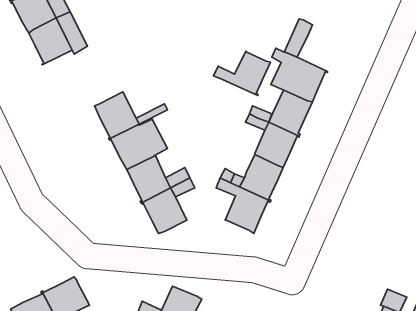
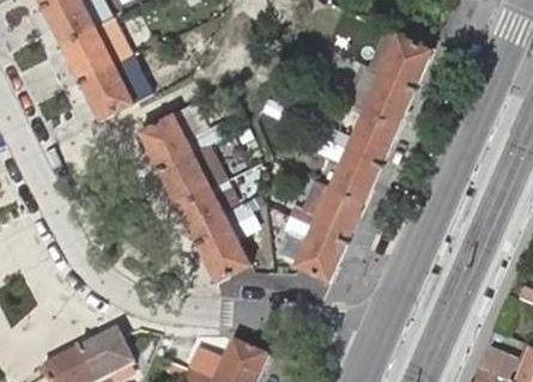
building: none -> [380,35,431,90]
building: none -> [79,65,133,120]
building: [213,51,271,96] -> none

